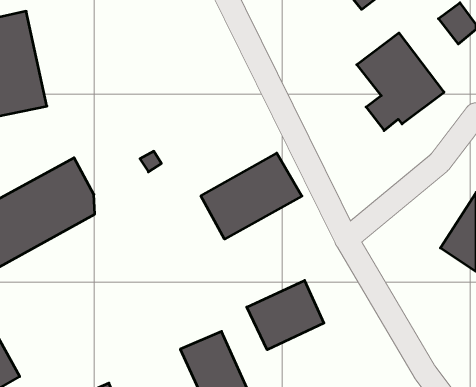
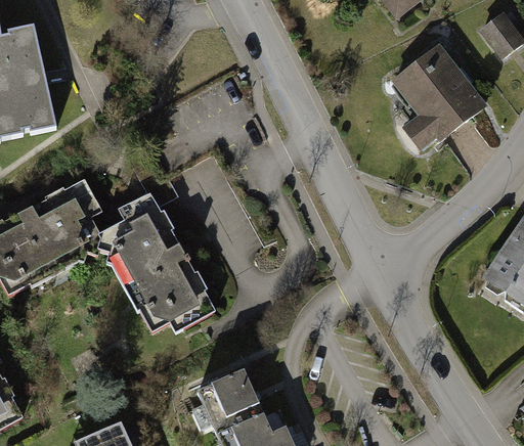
building: [201,153,302,239] -> none
building: none -> [105,192,214,333]
building: [247,280,324,350] -> none

